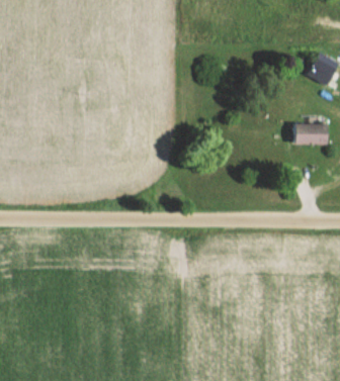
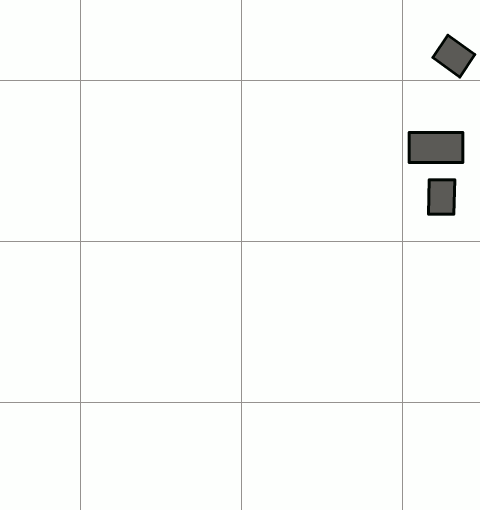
building: none -> [429,180,455,214]

